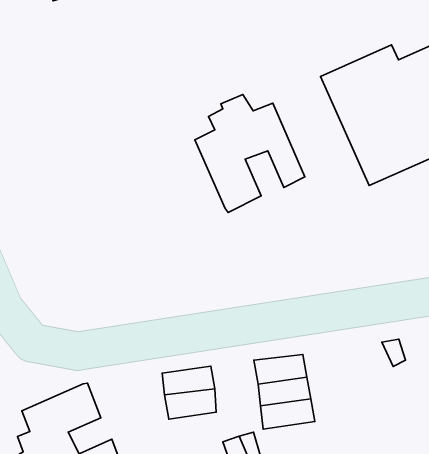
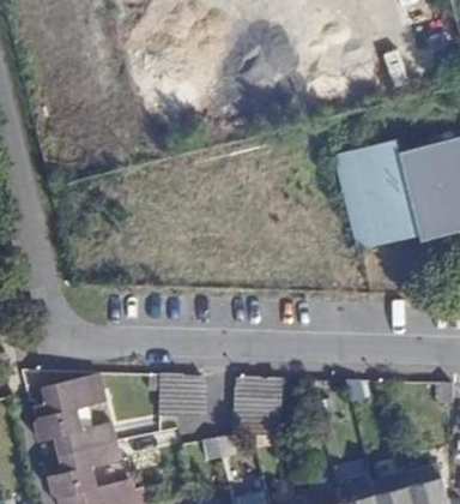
building: [195,94,305,212] -> none

